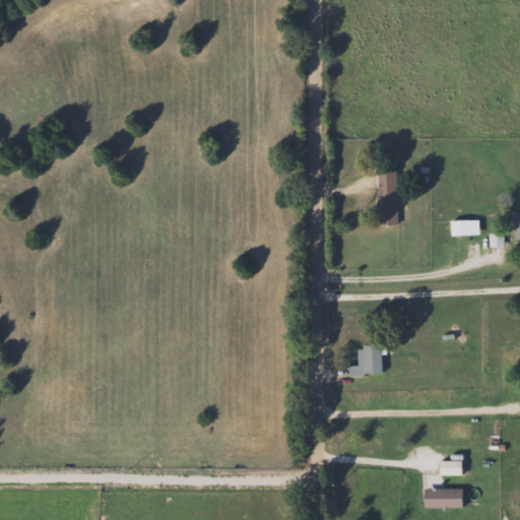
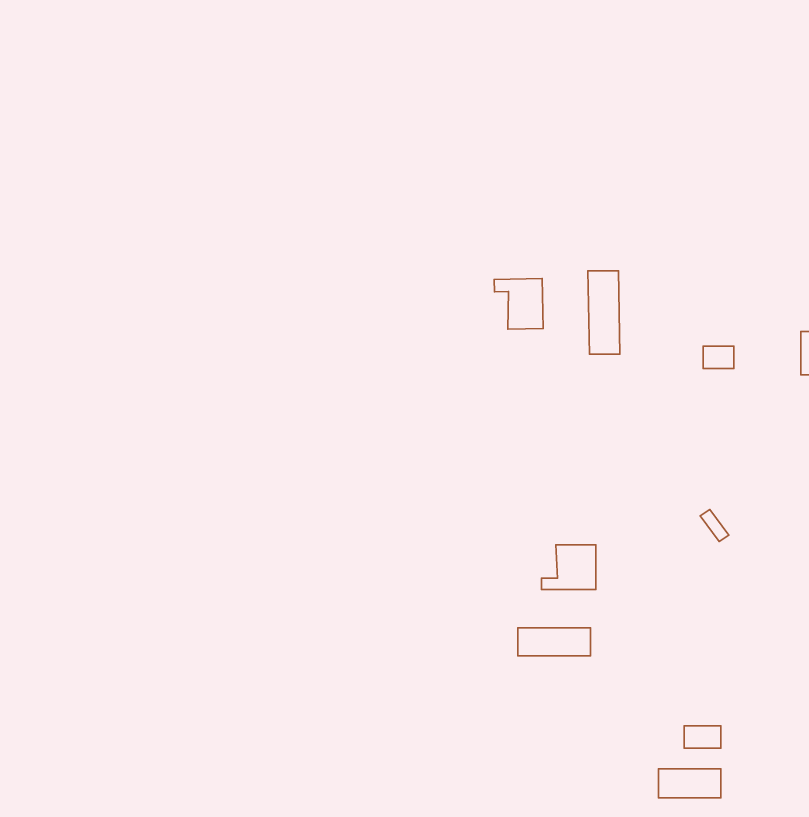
building: none -> [494,278,543,329]
building: none -> [518,628,590,656]

